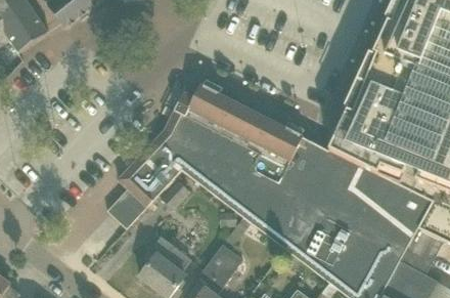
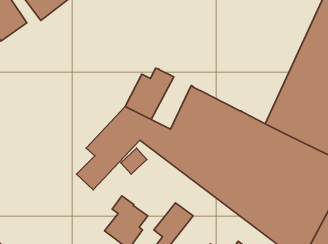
building: [195,94,242,156] -> none

